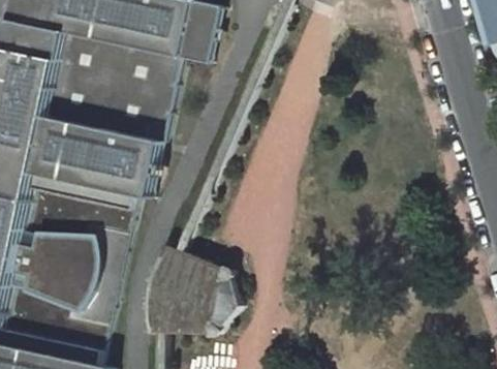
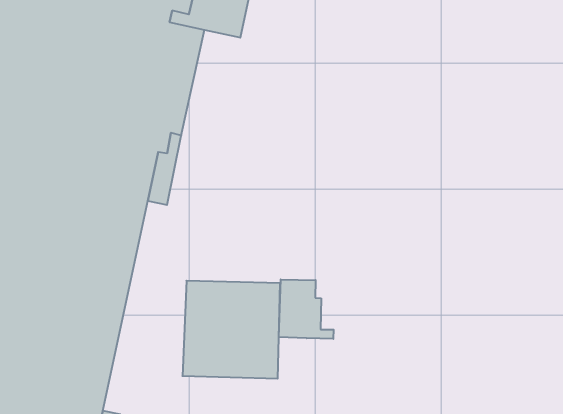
building: none -> [279,279,334,339]

